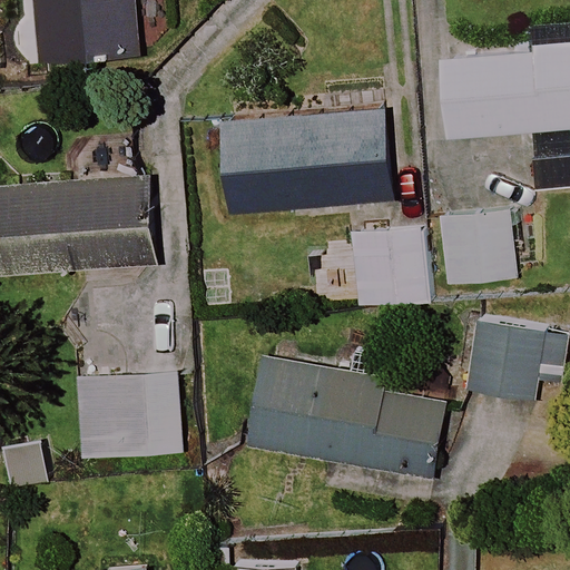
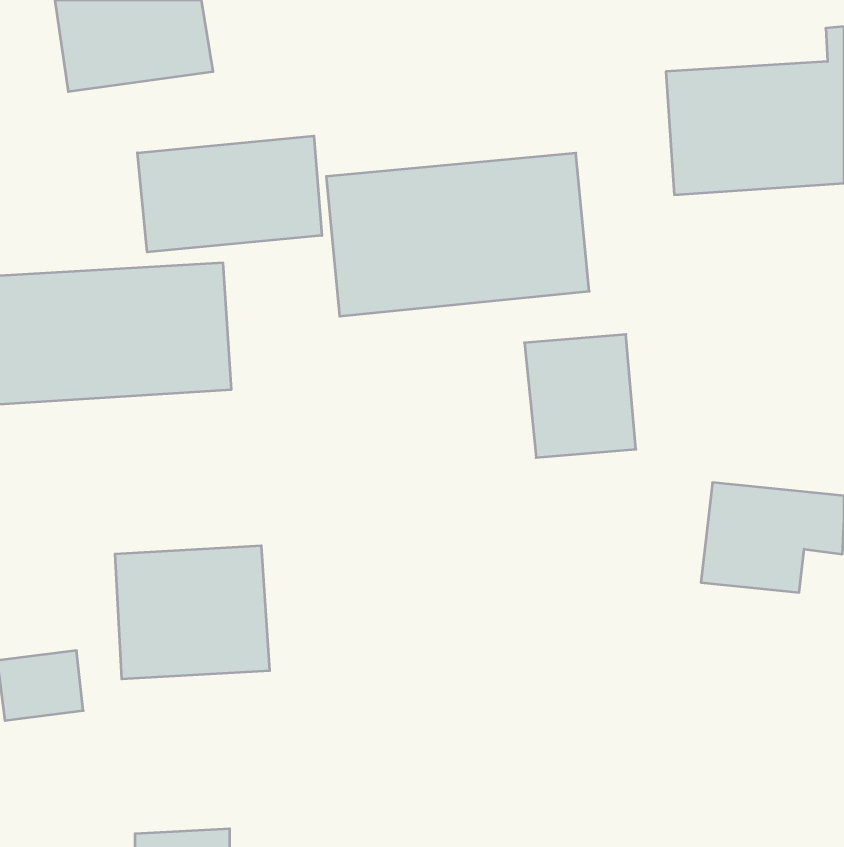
building: none -> [137,136,322,252]
building: [440,209,512,283] -> none
building: [248,358,446,479] -> none

